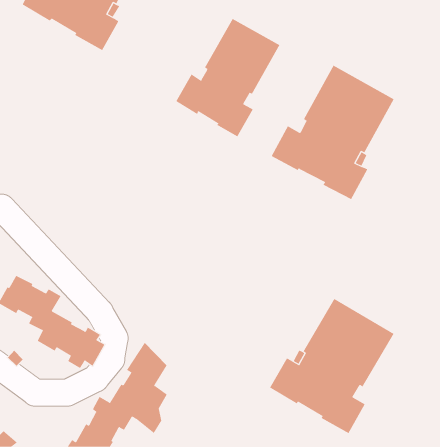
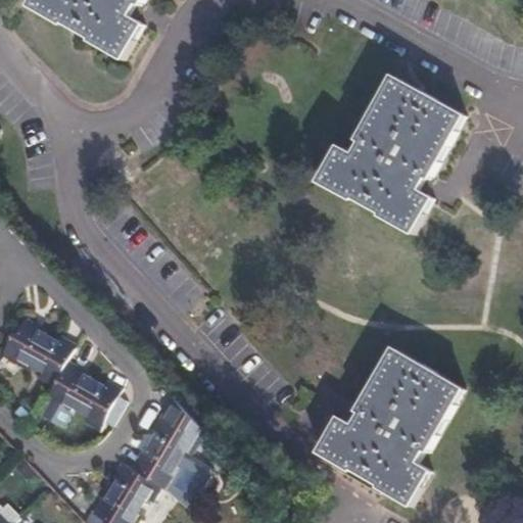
building: [176,18,280,137] -> none

